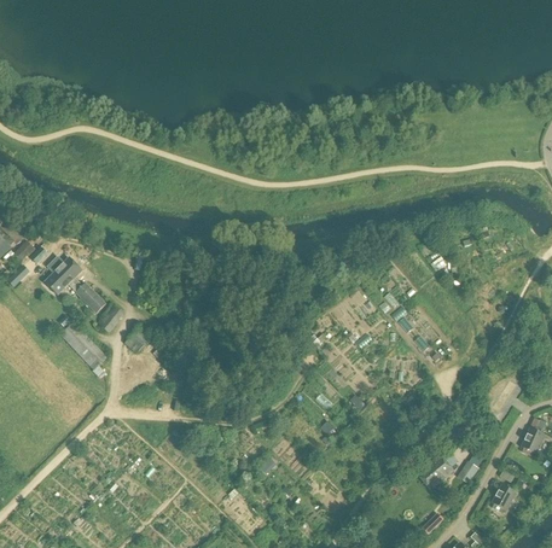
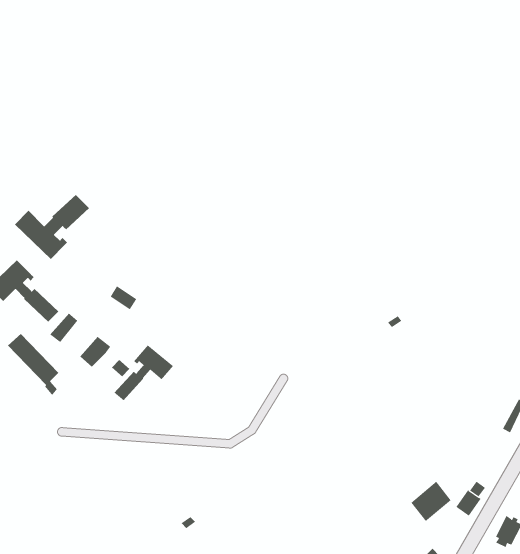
building: none -> [14,194,90,260]
building: none -> [114,345,174,401]

